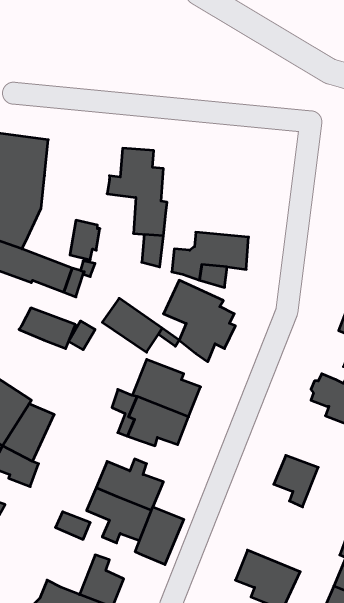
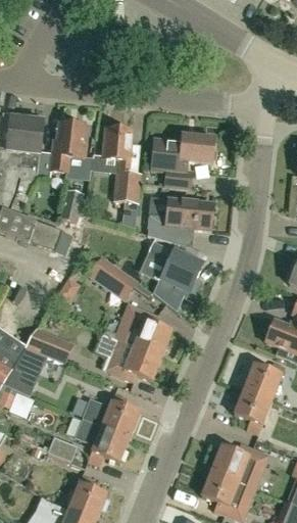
building: none -> [36,123,94,179]
building: none -> [150,135,214,187]
building: [19,308,75,349] -> [26,327,73,362]
building: none -> [244,362,285,399]
building: [135,507,184,565] -> none
building: none -> [211,443,269,488]

